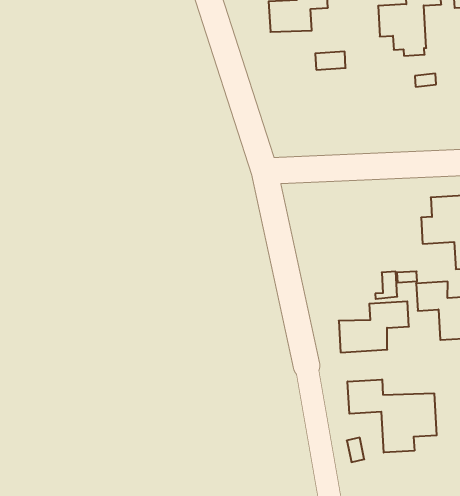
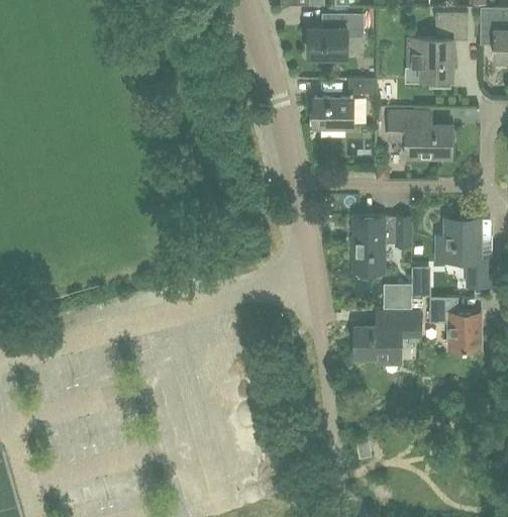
building: none -> [314,99,351,126]
building: none -> [388,112,450,157]
building: none -> [352,217,411,274]
building: [348,379,437,453] -> none

